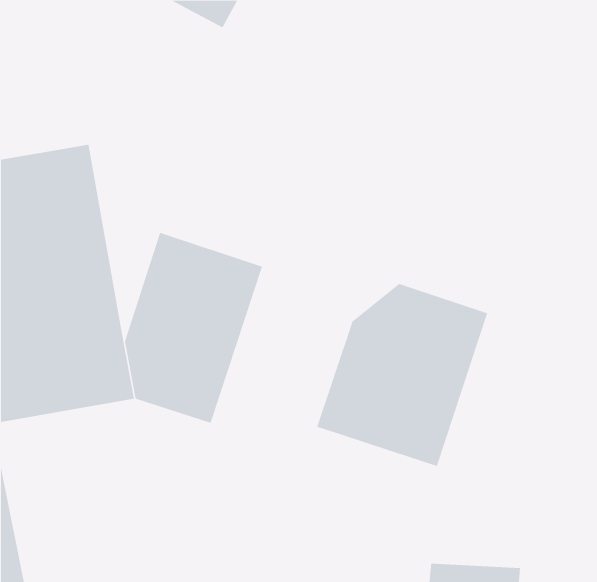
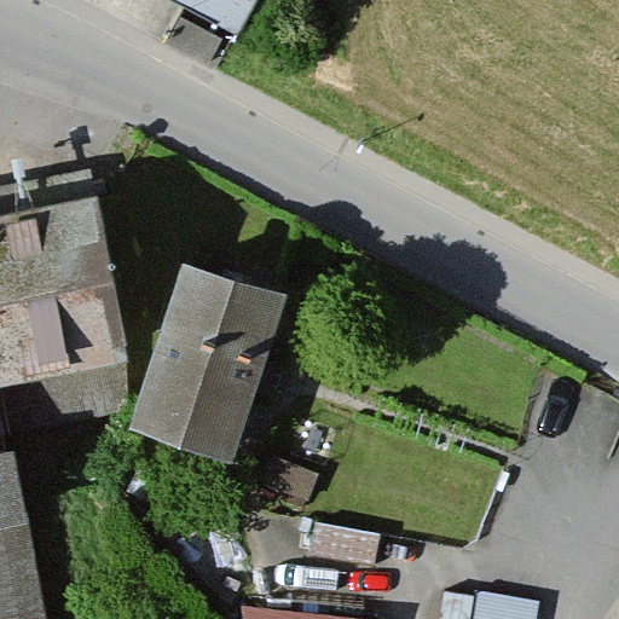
building: [316,283,488,467] -> none

